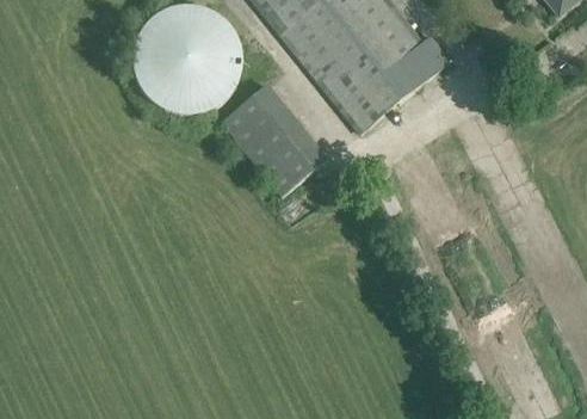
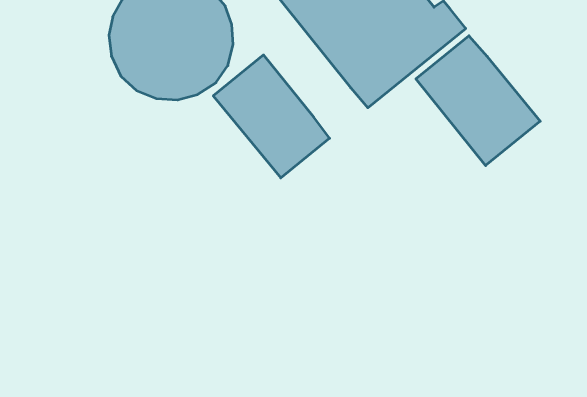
building: none -> [416,36,540,166]

